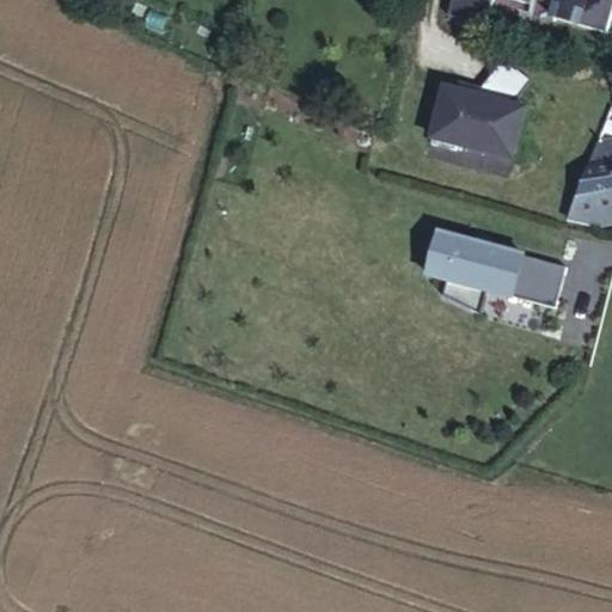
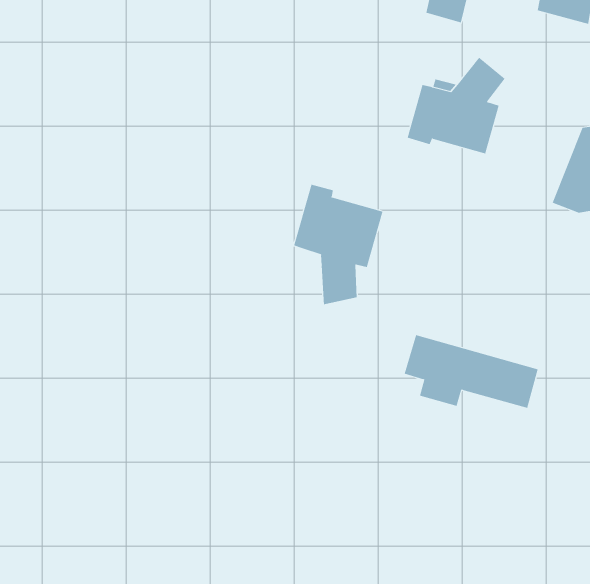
building: none -> [294,184,383,305]
building: [429,230,568,306] -> [404,334,538,409]

